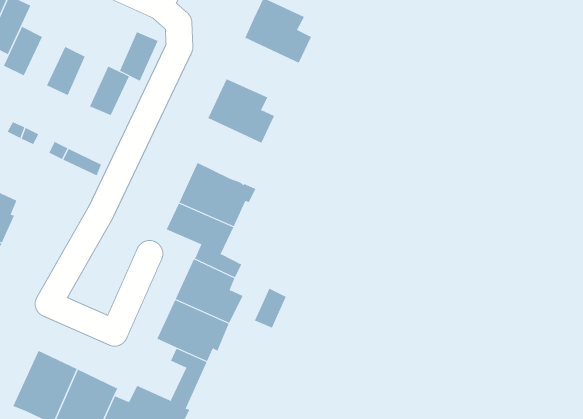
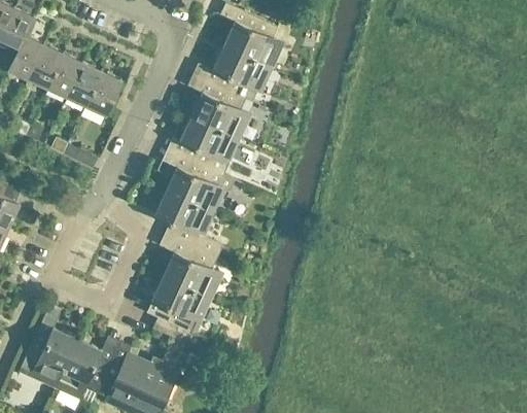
building: [119,31,159,81] -> [67,61,102,105]
building: none -> [28,43,64,87]
building: none -> [207,44,272,101]
building: none -> [174,115,239,174]
building: [254,288,286,329] -> none

